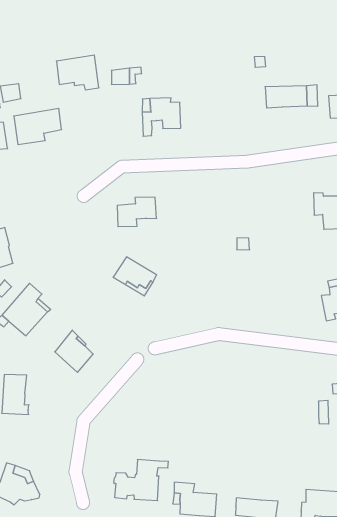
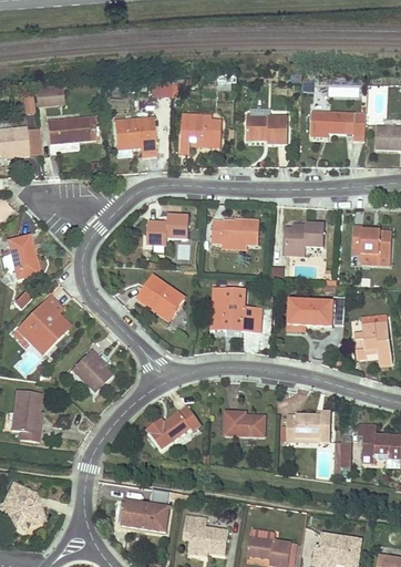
building: [56,55,99,90] -> [113,117,155,153]
building: none -> [246,117,287,145]
building: none -> [284,223,323,250]
building: none -> [210,219,259,245]
building: none -> [209,288,260,331]
building: none -> [286,297,343,331]
building: none -> [285,412,330,442]
building: none -> [146,406,200,449]
building: none -> [224,412,265,436]

